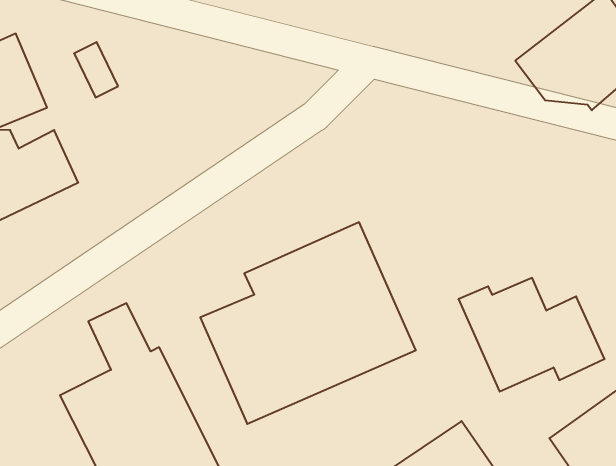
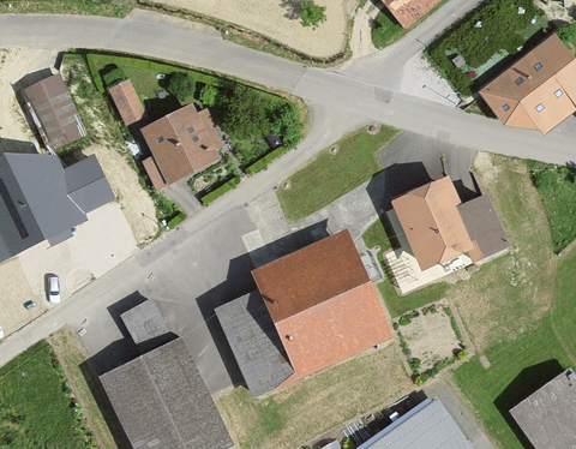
building: none -> [140,103,224,190]
building: [458,278,605,392] -> [391,180,515,276]

